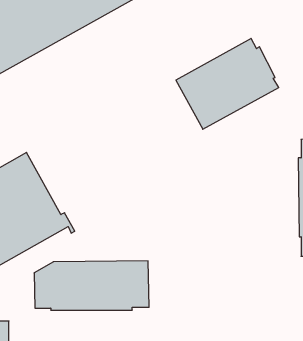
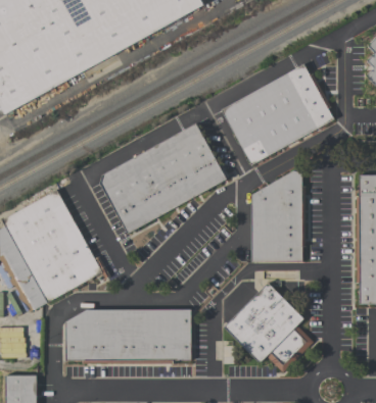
building: none -> [100,123,227,234]
building: none -> [251,170,306,261]
building: none -> [224,283,313,372]

